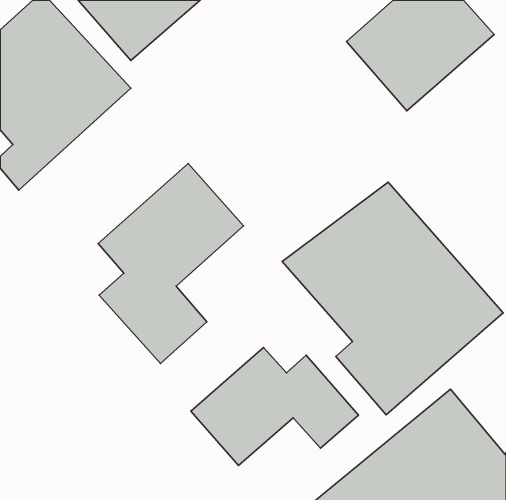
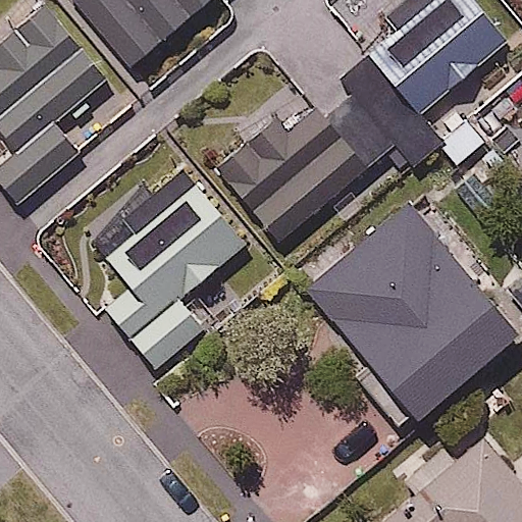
building: none -> [200,71,443,247]
building: [191,347,358,466] -> none

